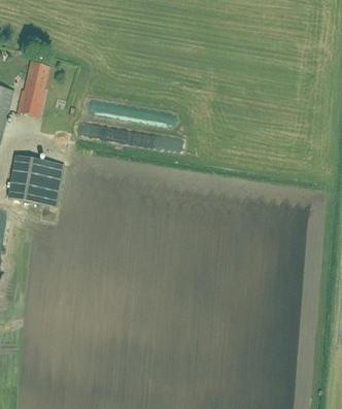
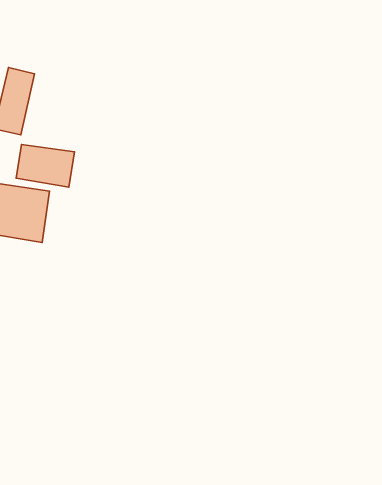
building: none -> [16,144,75,187]

